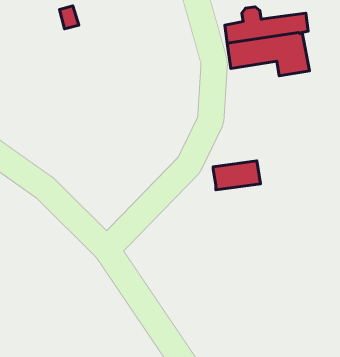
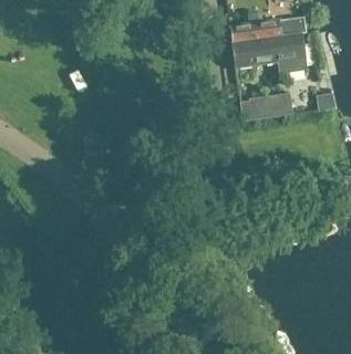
building: [213,161,260,190] -> [250,93,293,119]

